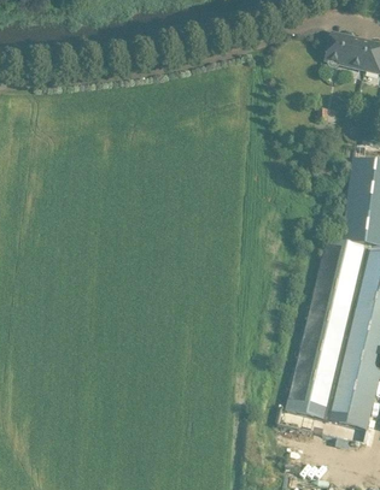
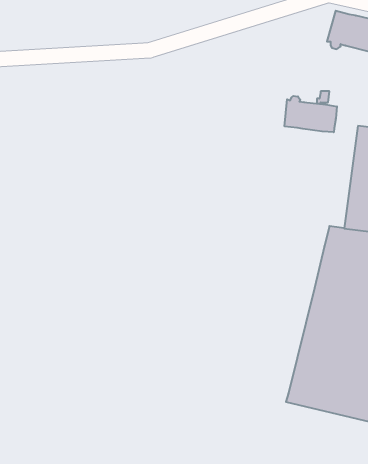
building: none -> [285,96,337,132]

